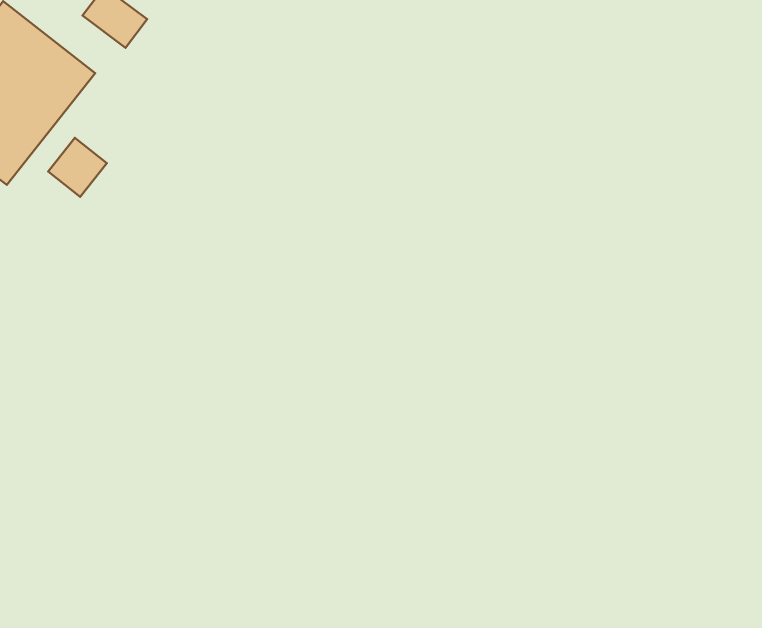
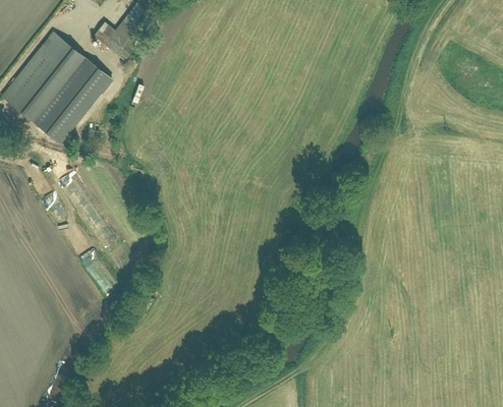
building: [48,138,107,197] -> none

